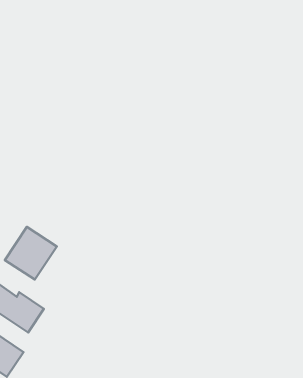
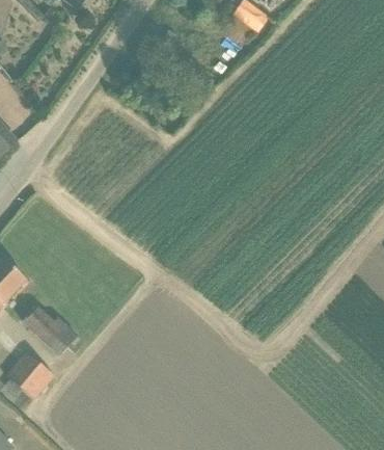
building: [5,227,57,280] -> none

